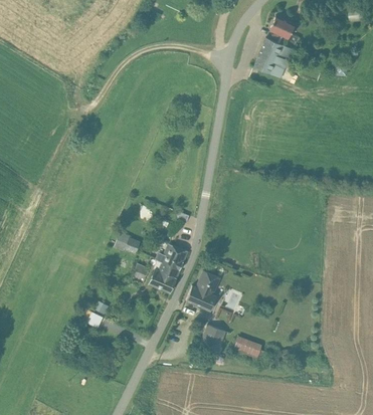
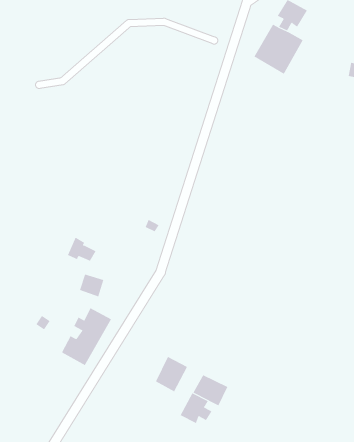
building: [149,243,188,292] -> [61,307,112,366]
building: [186,270,220,310] -> none
building: none -> [180,393,212,424]

